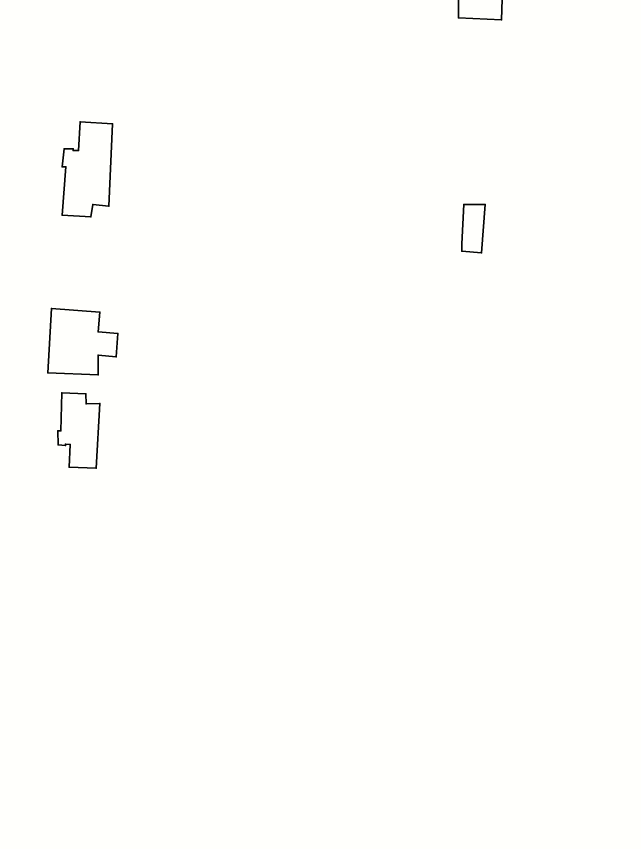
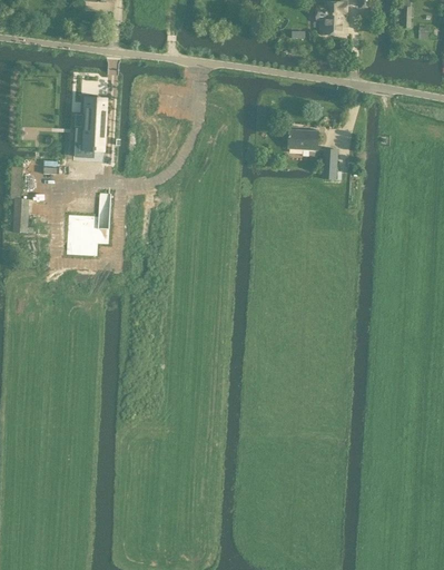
building: none -> [289,129,319,149]
building: [58,393,100,468] -> none

